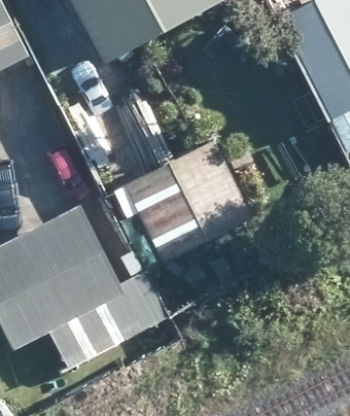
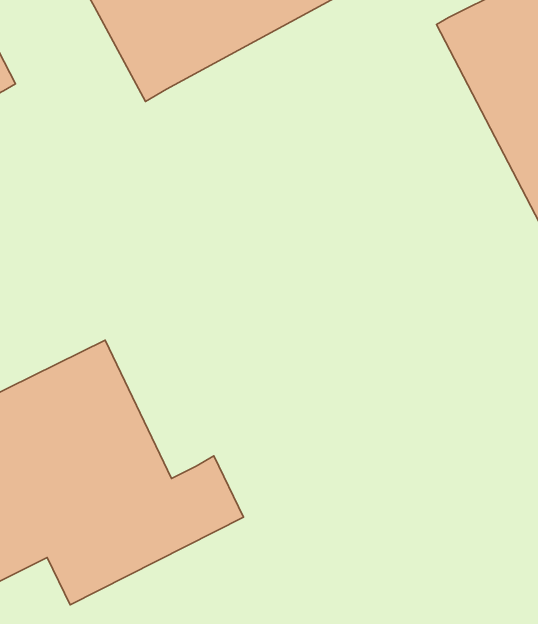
building: [121,140,251,263] -> none

